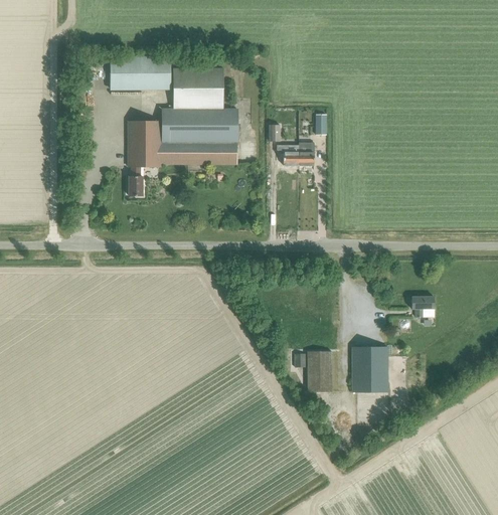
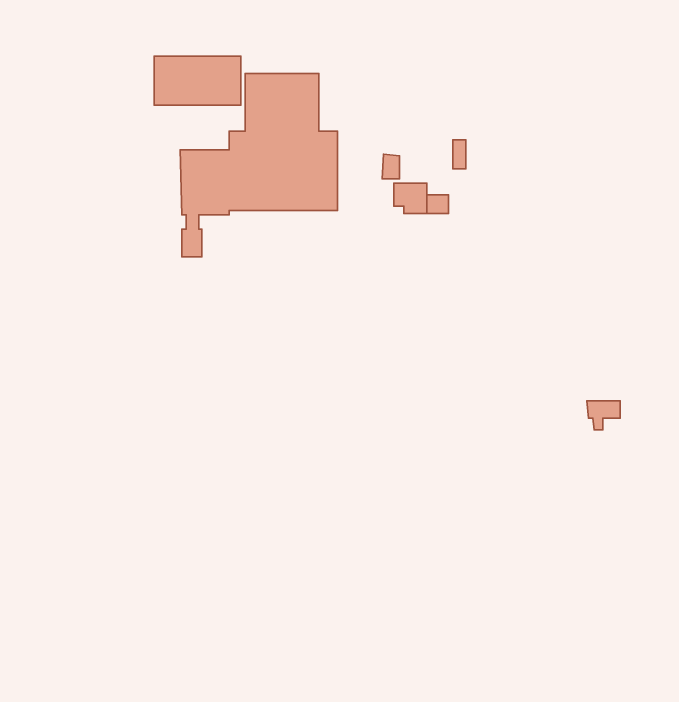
building: [351,346,387,391] -> none
building: [307,350,332,391] -> none

